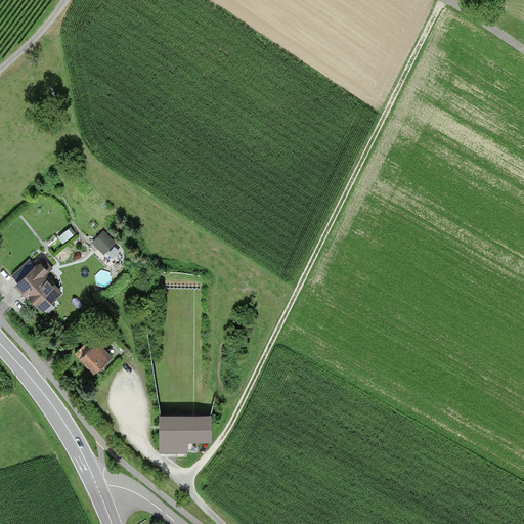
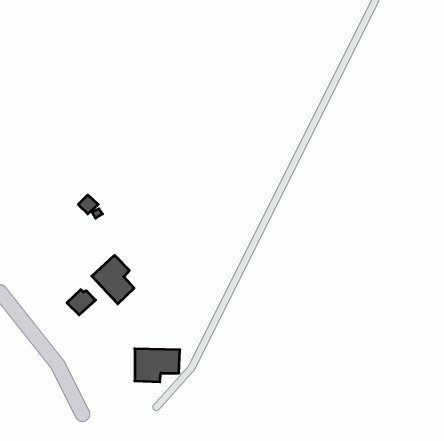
building: [14,261,62,312] -> none
building: none -> [92,255,134,304]

